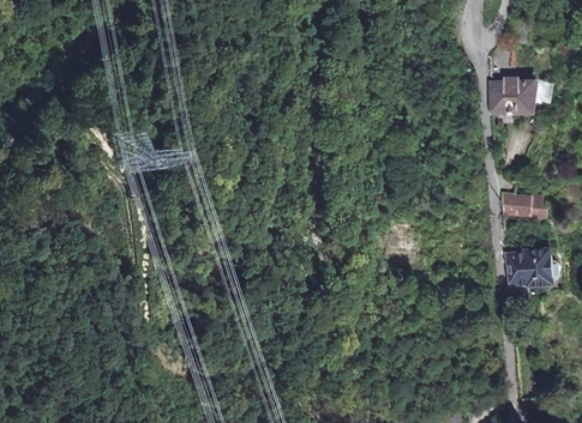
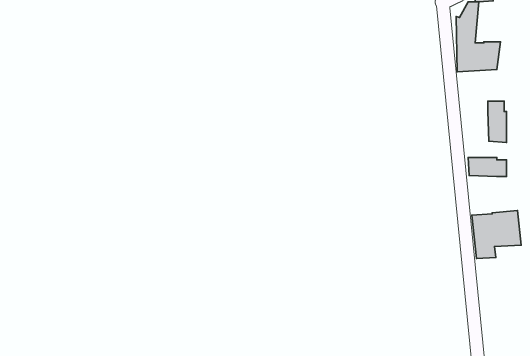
building: none -> [488,101,506,143]

